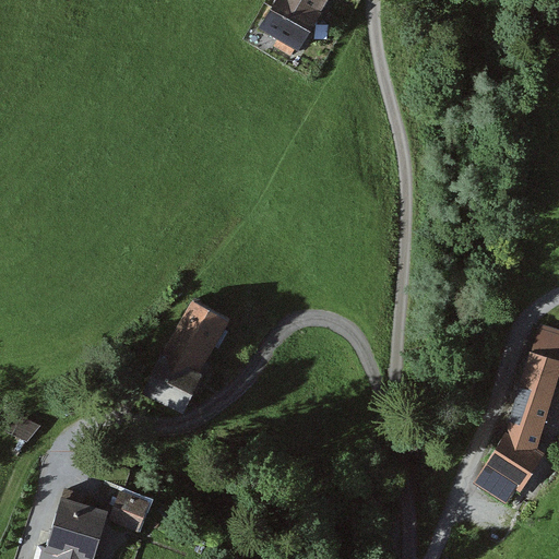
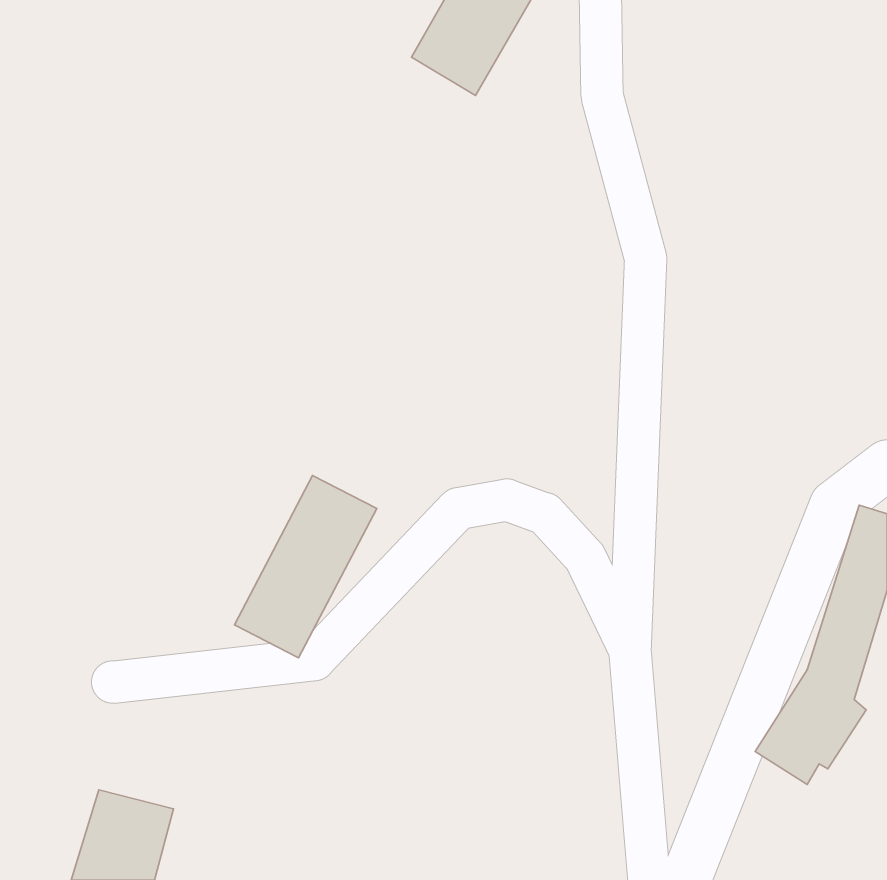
building: [109,488,151,530] -> none

